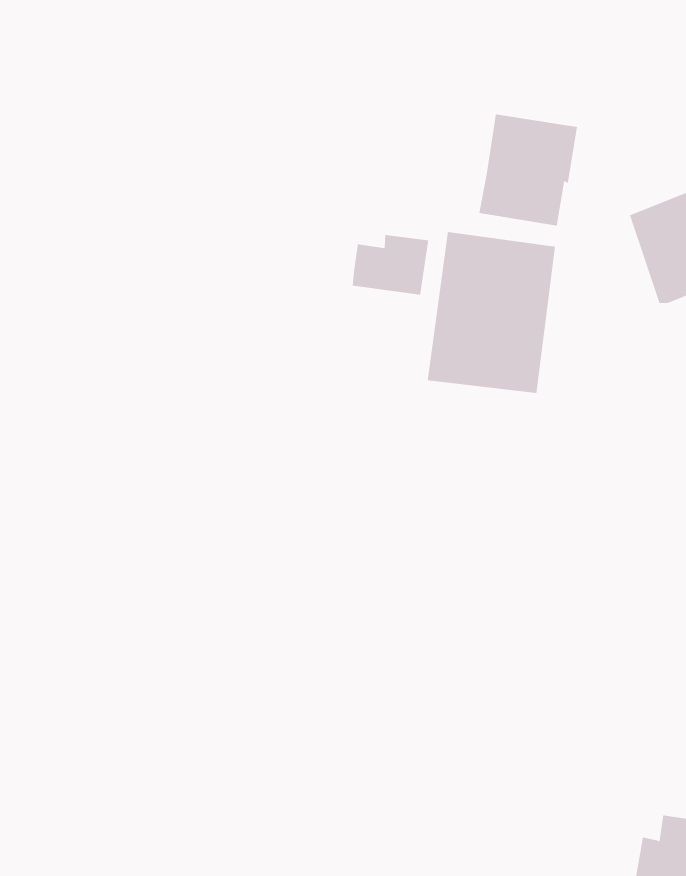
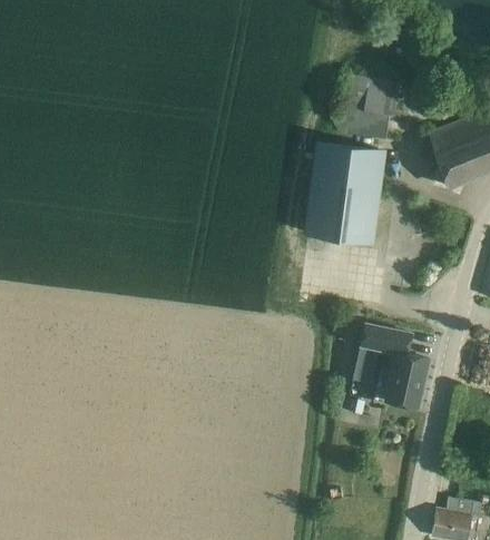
building: [352,234,429,296] -> none
building: none -> [353,322,430,409]

